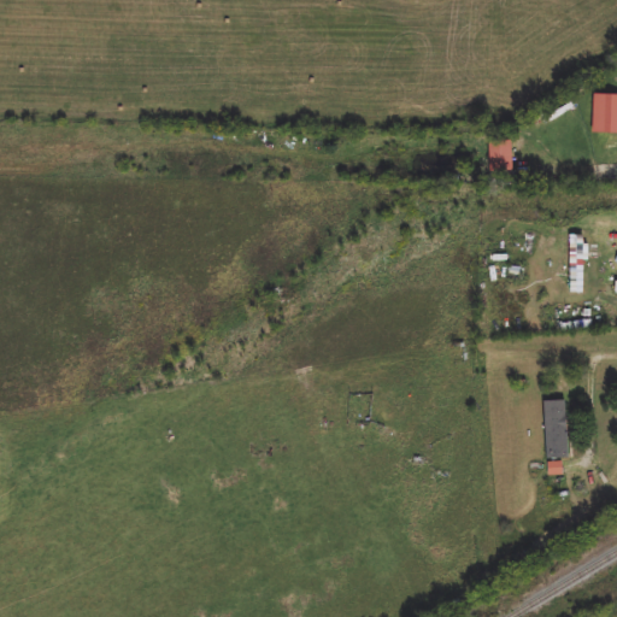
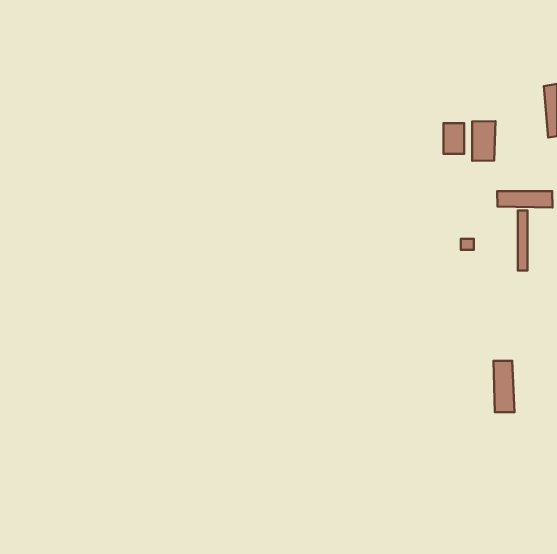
building: none -> [472,121,496,161]
building: none -> [497,191,553,207]

